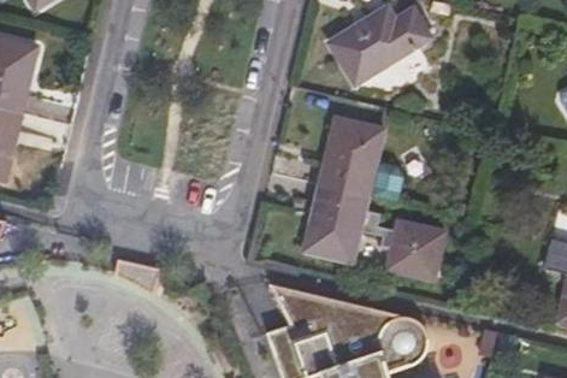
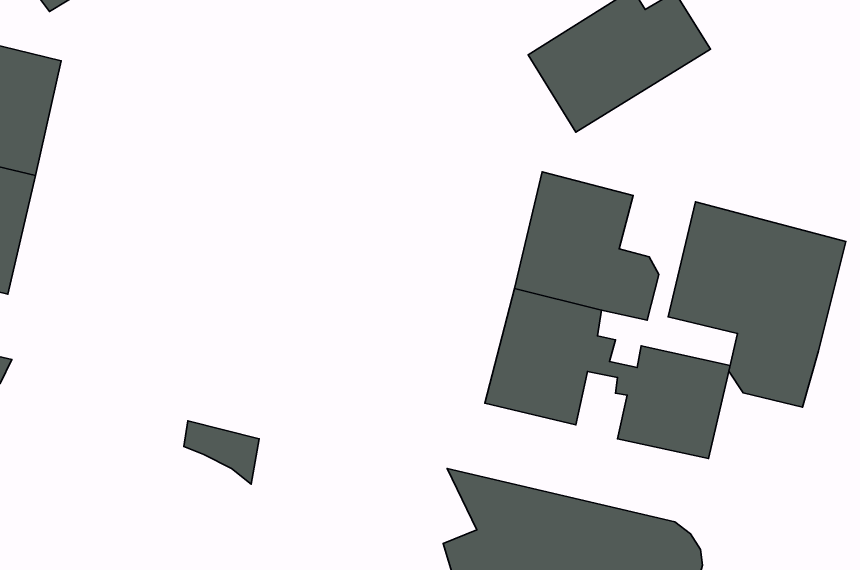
building: none -> [668,202,846,407]

